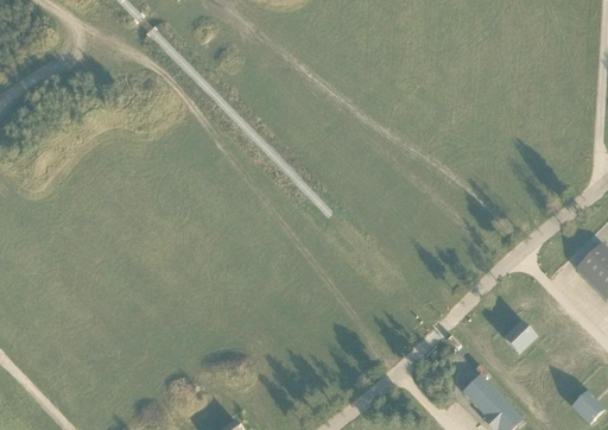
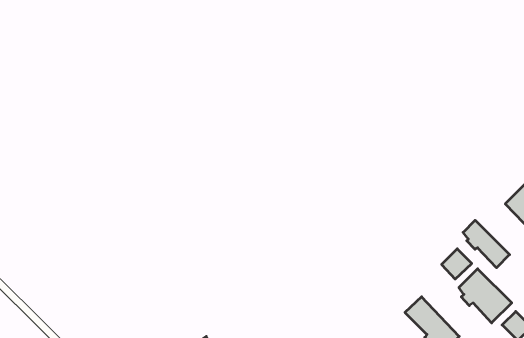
building: none -> [463,220,510,268]
building: none -> [459,269,512,323]

